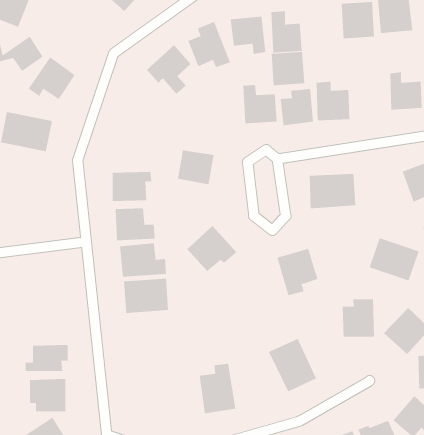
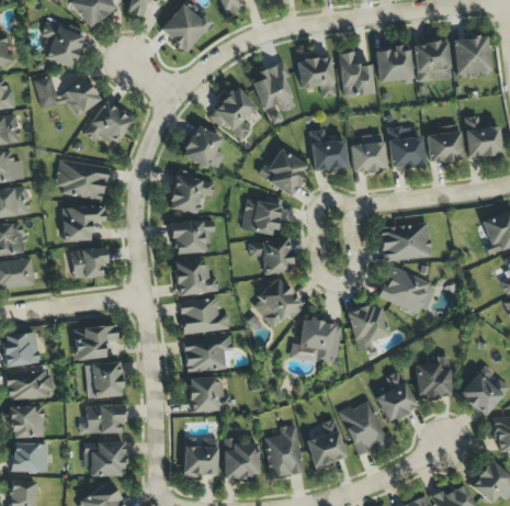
building: [271,51,305,86] -> [376,47,412,83]
building: none -> [182,125,225,169]
building: none -> [427,125,463,161]
building: none -> [257,149,309,196]
building: none -> [170,175,215,213]
building: none -> [63,206,104,241]
building: none -> [249,237,293,276]
building: none -> [72,248,106,279]
building: [369,238,420,281] -> [381,269,434,315]
building: none -> [290,319,341,364]
building: none -> [72,325,118,361]
building: none -> [87,363,122,398]
building: none -> [375,370,418,424]
building: none -> [189,378,231,412]
building: none -> [306,419,347,469]
building: none -> [224,438,260,479]
building: none -> [183,443,218,475]

